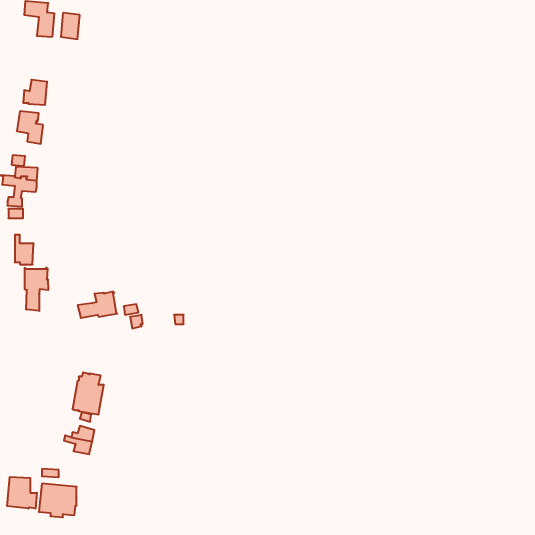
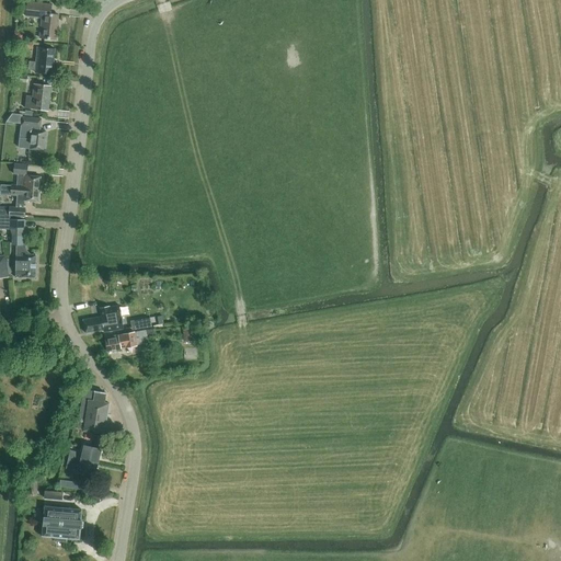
building: [61,13,80,39] -> [34,46,54,73]
building: [25,268,48,311] -> none
building: none -> [103,331,136,351]
building: [7,477,37,509] -> none

